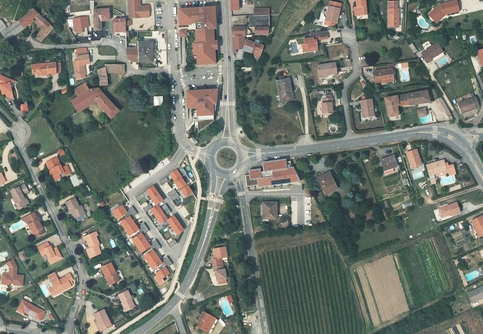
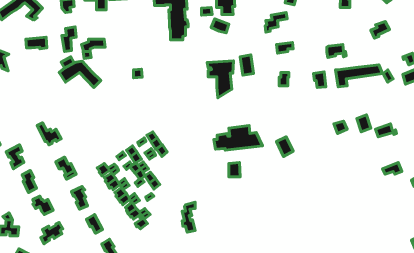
building: [123,39,150,60] -> none
building: [185,88,215,130] -> [207,61,234,98]

